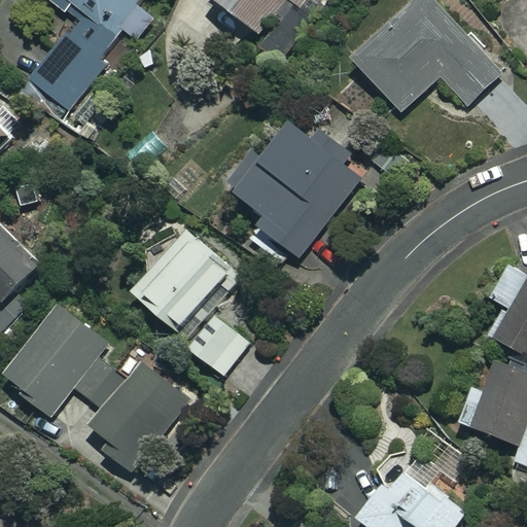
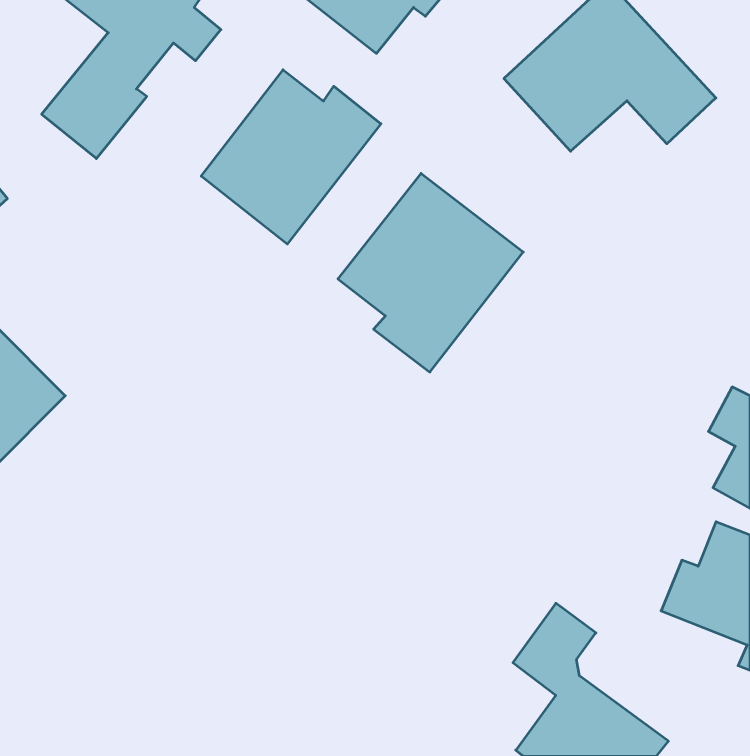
building: none -> [201,70,381,244]
building: [132,223,250,378] -> none
building: [4,303,189,472] -> none

